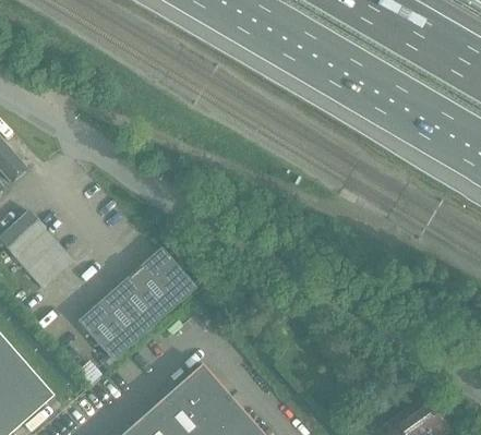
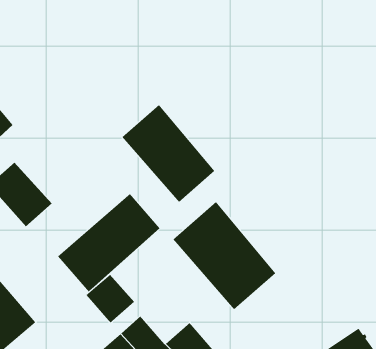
building: none -> [122,104,215,203]
building: none -> [172,201,276,310]
building: [173,364,230,421] -> [85,274,135,324]

